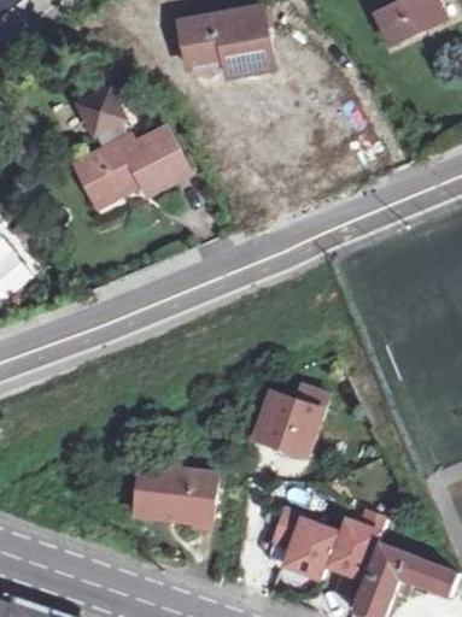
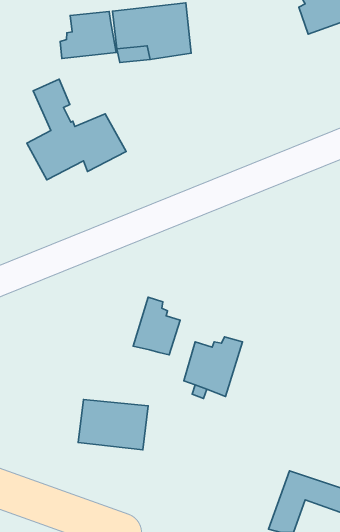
building: none -> [60,11,116,59]
building: none -> [133,297,180,355]
building: [282,509,368,592] -> none

